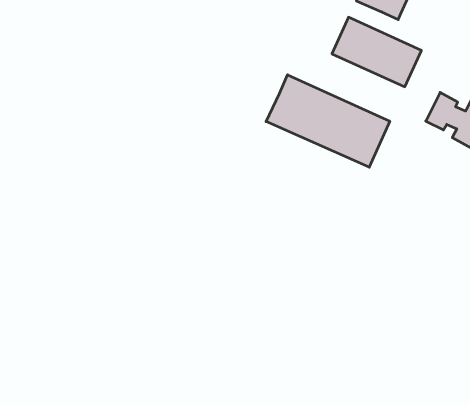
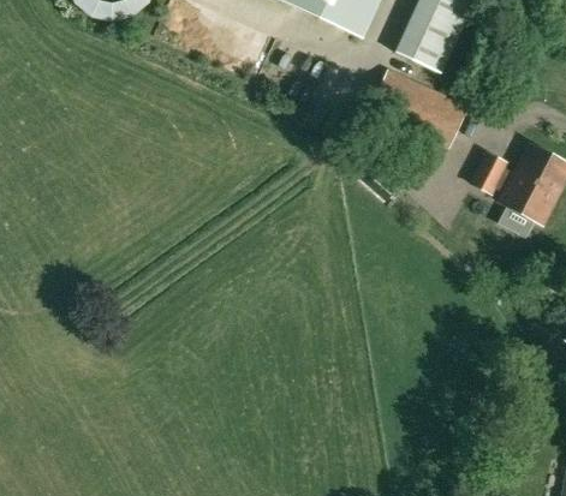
building: [266,75,390,167] -> none

